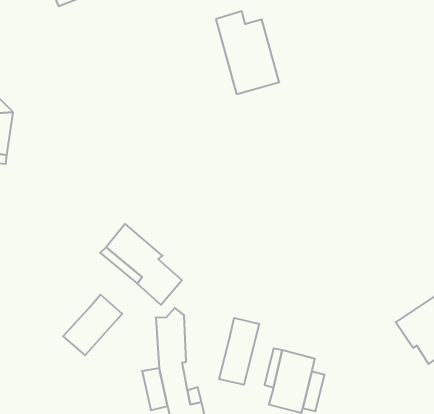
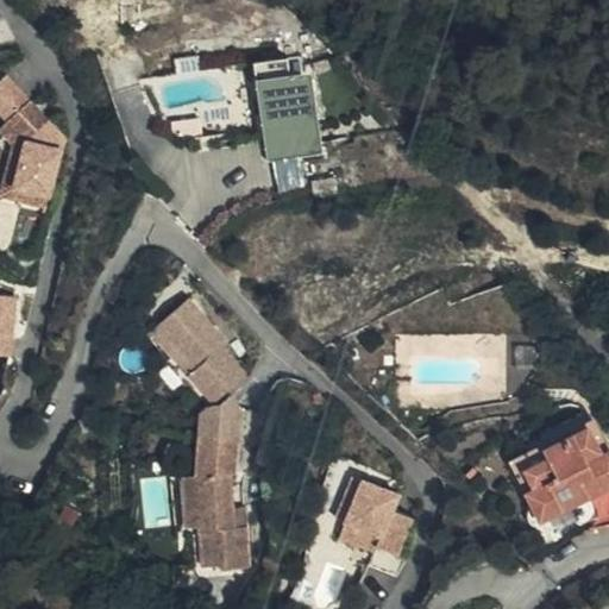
building: [216,11,279,94] -> [251,58,320,161]
building: [63,295,122,355] -> none
building: [219,318,259,385] -> none

